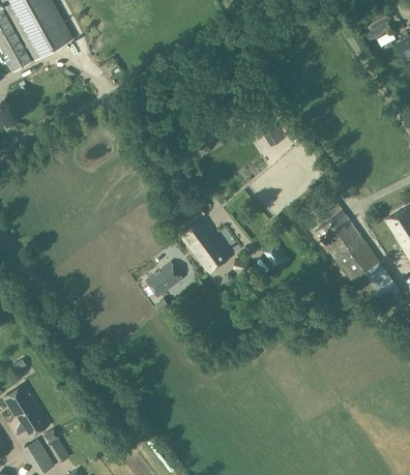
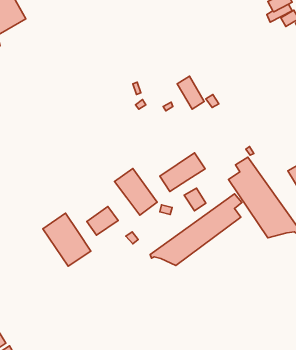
building: none -> [160,153,205,192]
building: none -> [150,194,242,266]
building: none -> [43,213,91,266]

